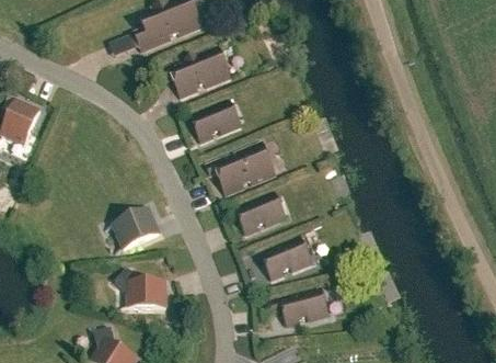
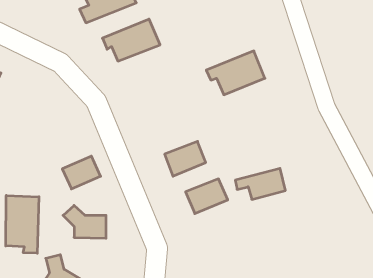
building: [191,100,241,143] -> none
building: [206,141,276,194] -> [206,51,265,95]
building: none -> [6,195,39,253]
building: [268,288,328,326] -> [235,168,285,199]

